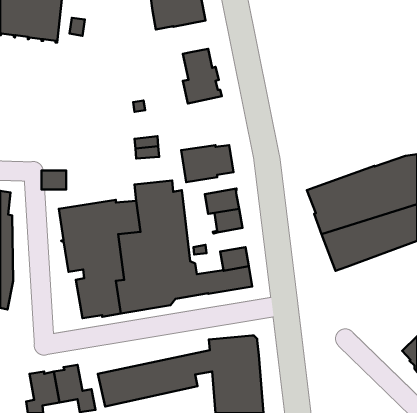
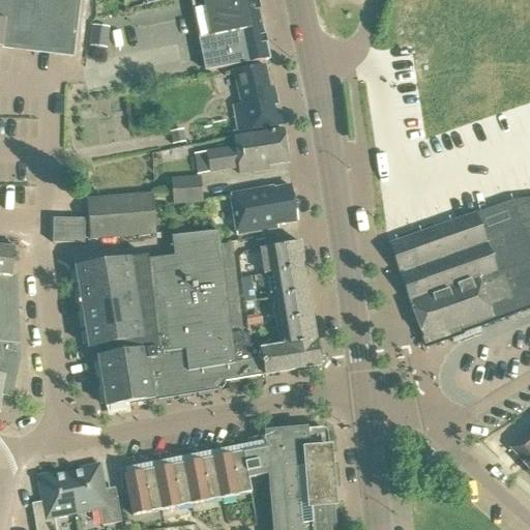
building: none -> [198,26,268,68]
building: none -> [194,126,288,172]
building: none -> [87,192,155,236]
building: none -> [274,289,312,321]

